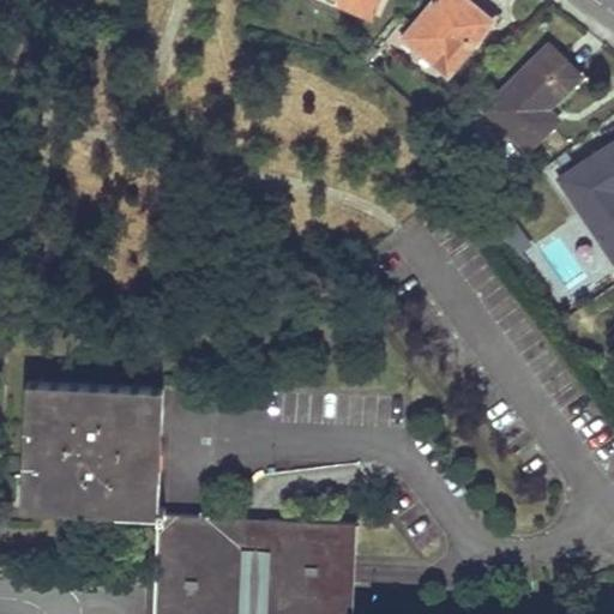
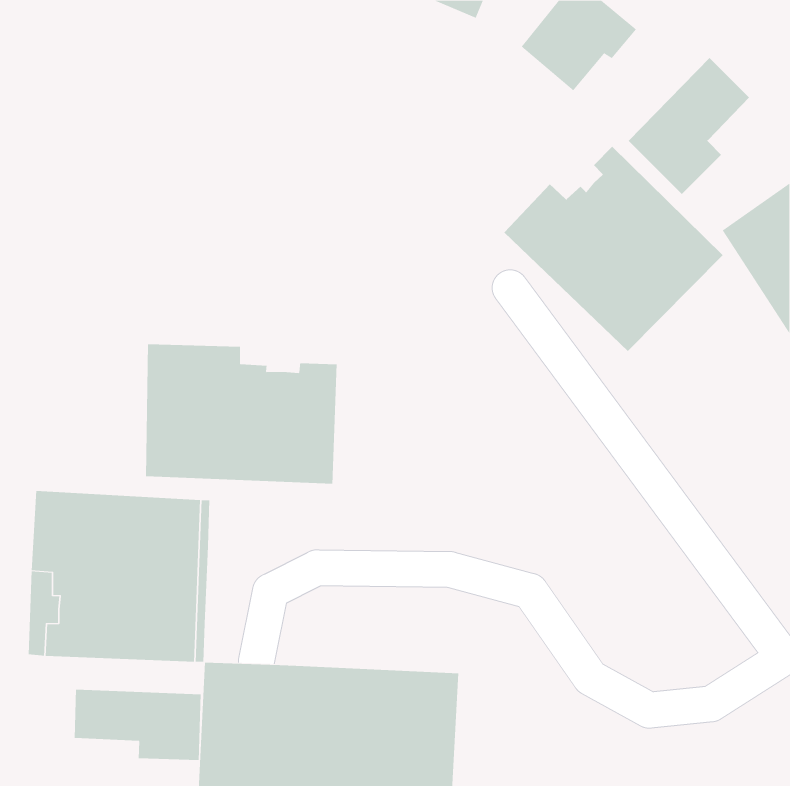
building: none -> [504,146,724,352]
building: none -> [145,344,337,484]
building: none -> [74,689,201,761]

